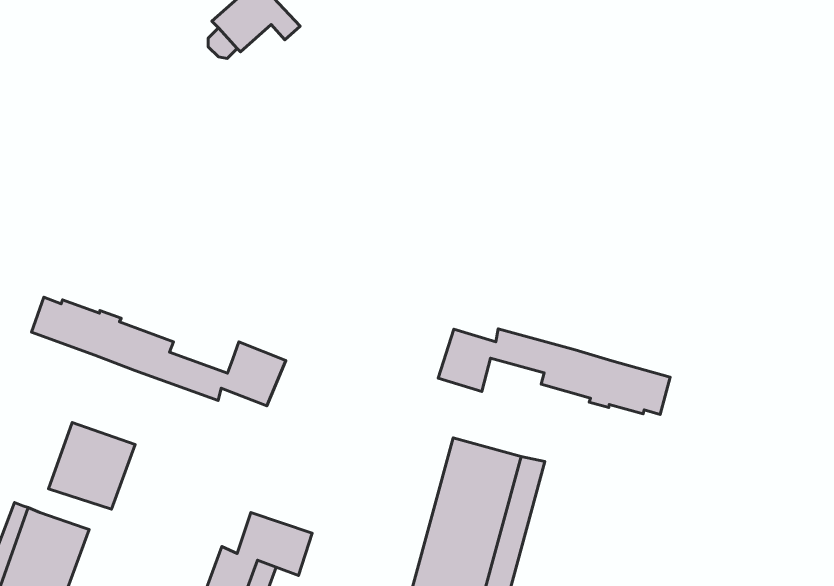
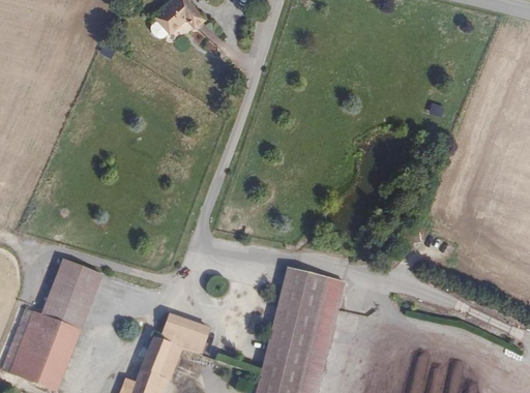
building: [31,297,286,406] -> none
building: [438,329,670,415] -> none
building: none -> [41,300,85,328]

